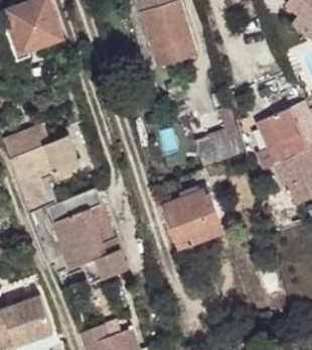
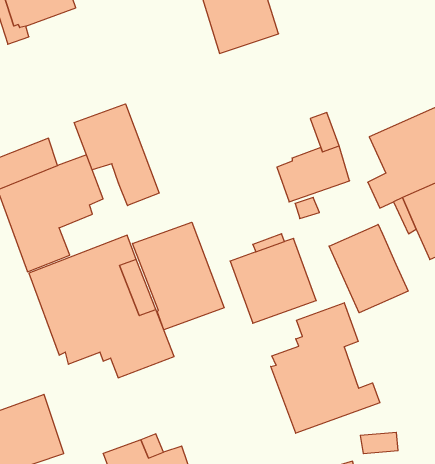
building: none -> [74,104,159,206]
building: none -> [133,222,224,330]
building: none -> [329,224,408,313]
building: none -> [271,303,380,433]

